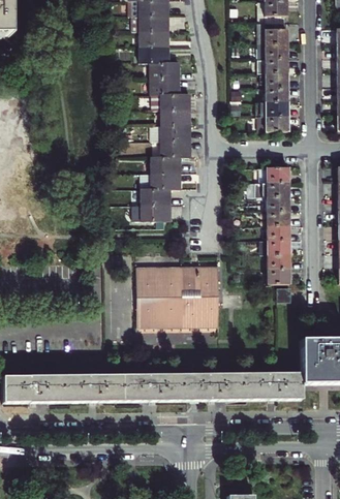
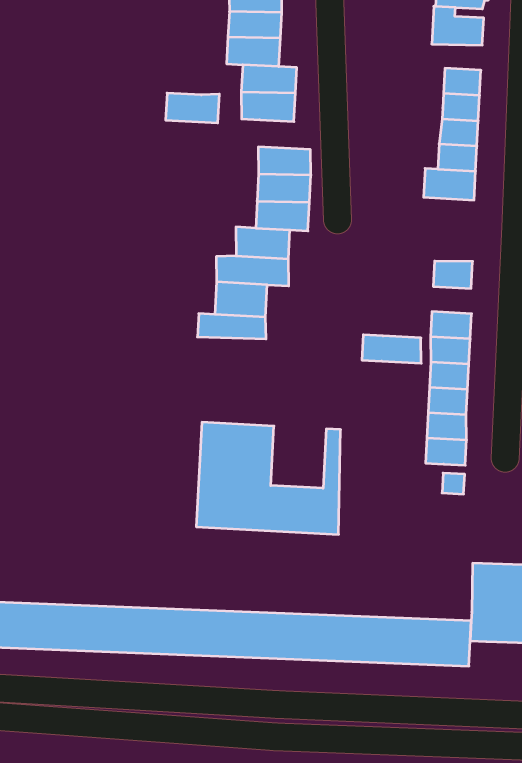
building: [258,42,287,57] -> none
building: [162,91,192,107] -> [166,93,219,123]
building: [255,182,289,196] -> [362,335,421,363]
building: [180,267,210,301] -> none

